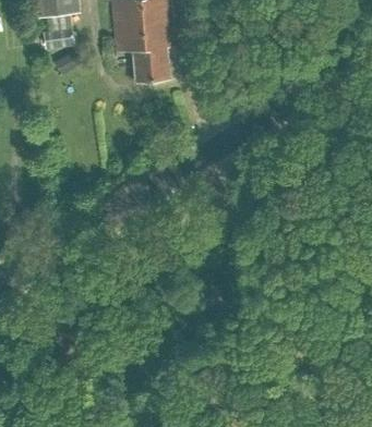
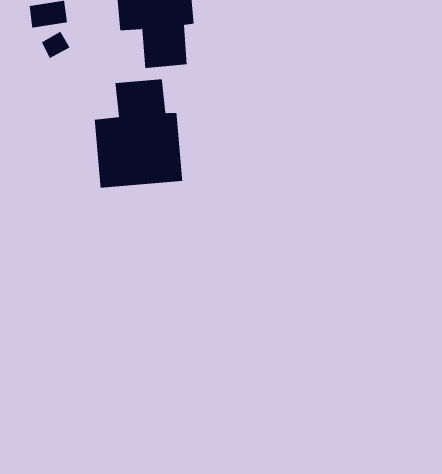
building: none -> [94,79,183,188]

